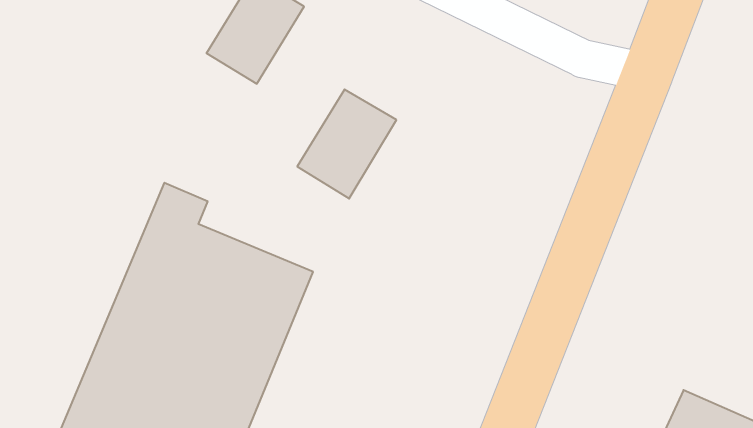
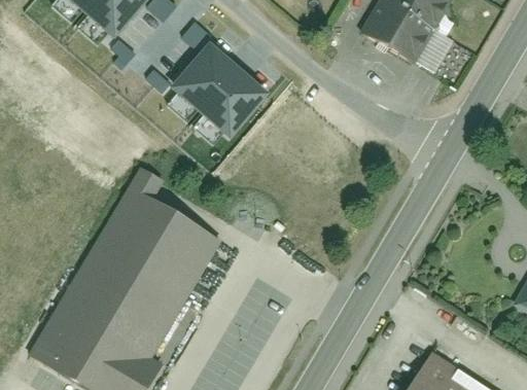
building: [297,89,396,199] -> [202,69,270,139]

